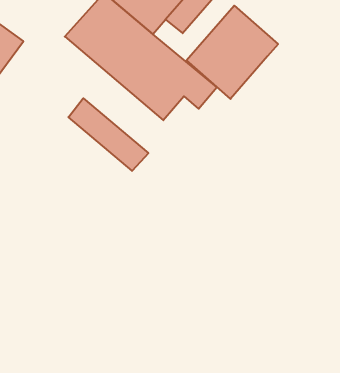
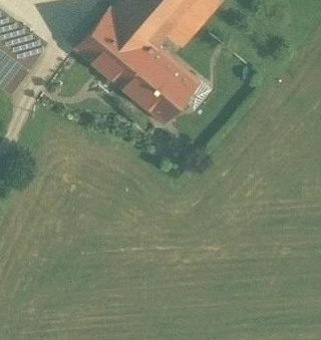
building: [187,6,278,99] -> none
building: [68,98,148,171] -> none

